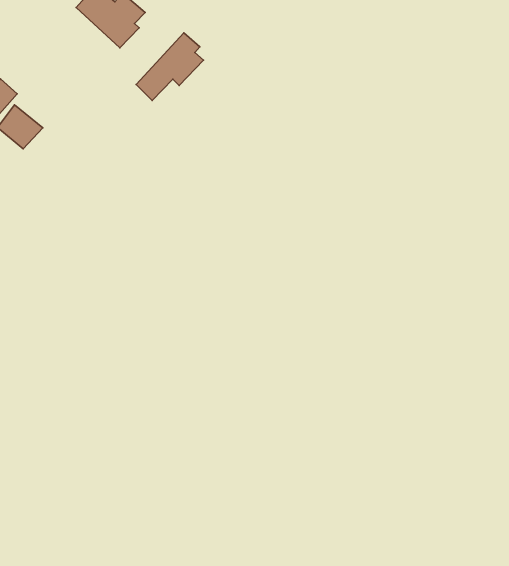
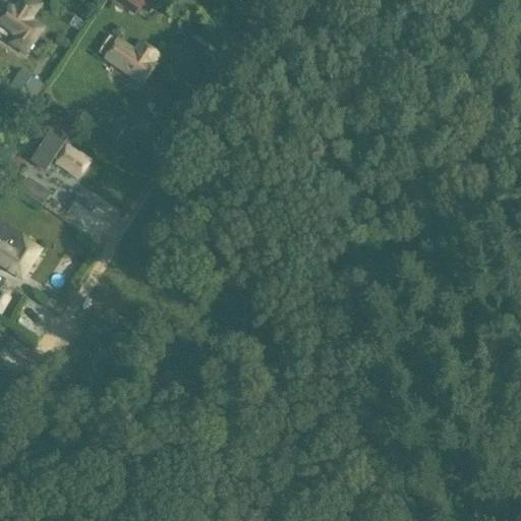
building: [136,33,204,101] -> none

